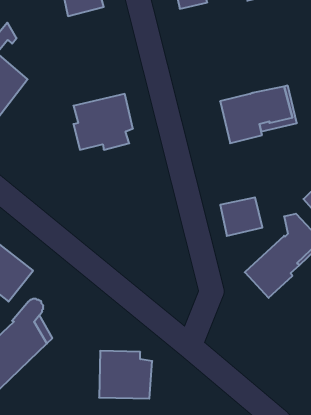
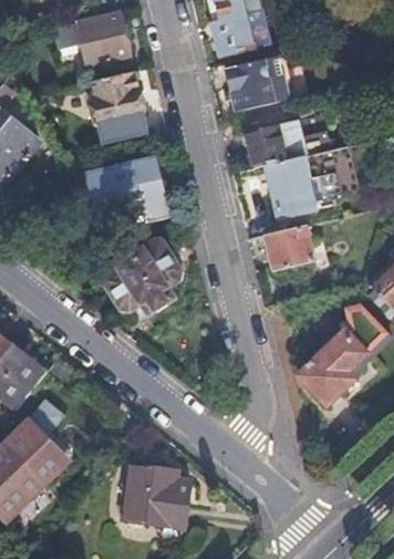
building: none -> [224,56,289,113]
building: none -> [91,69,147,142]
building: none -> [246,121,307,169]
building: none -> [102,238,180,314]
building: [220,197,262,236] -> [266,226,317,272]

